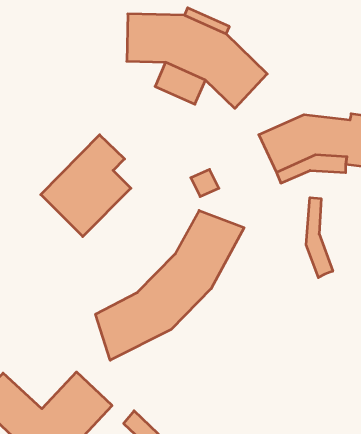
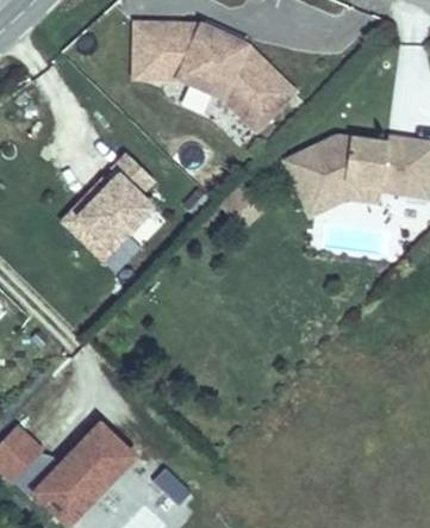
building: [306,198,333,278] -> none
building: [96,210,244,360] -> none

